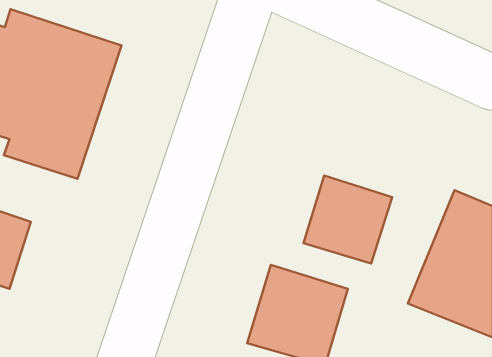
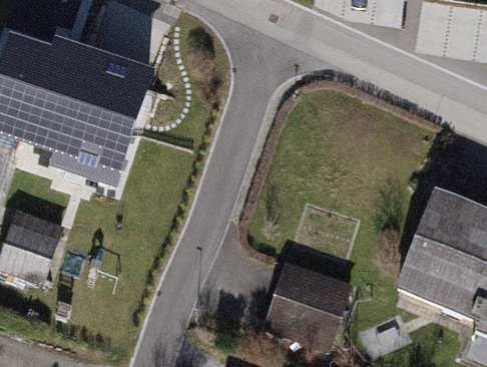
building: [303,175,392,264] -> none

